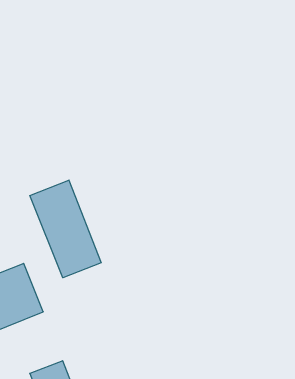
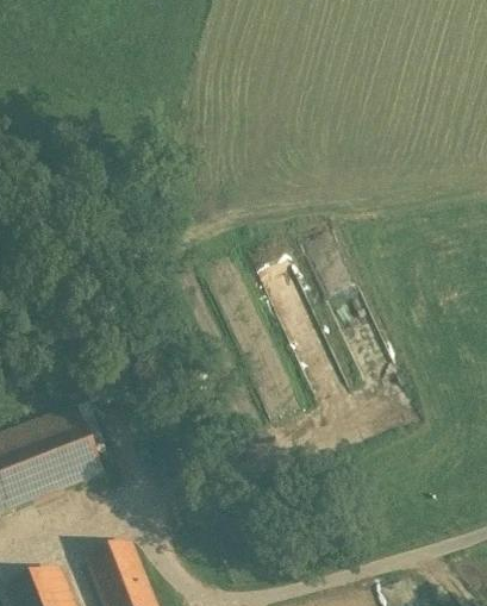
building: [30,180,101,278] -> none

